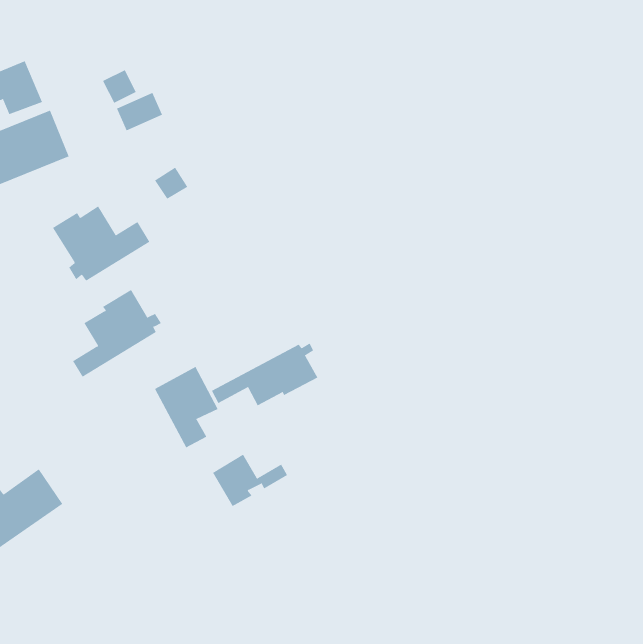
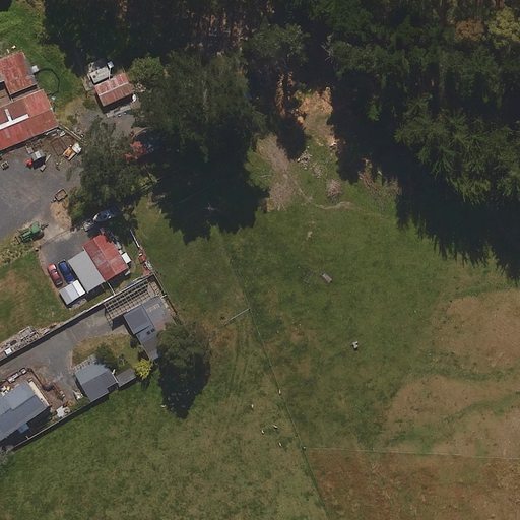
building: [52,205,150,281] -> none
building: [211,342,318,406] -> none
building: [212,454,288,507] -> [75,359,136,401]

